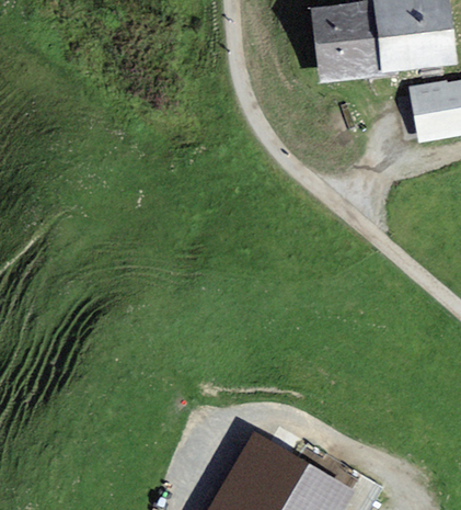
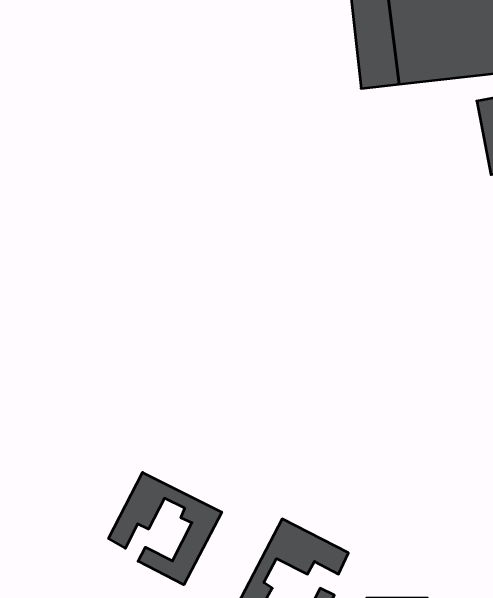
building: none -> [109,472,222,585]

